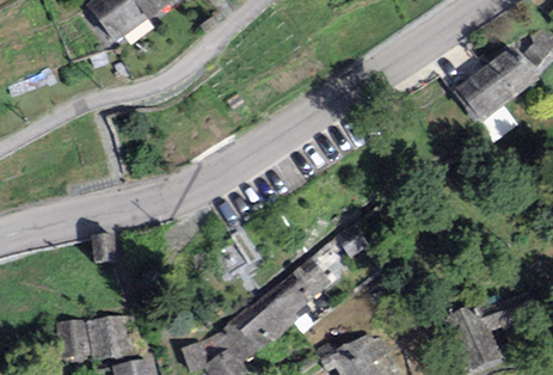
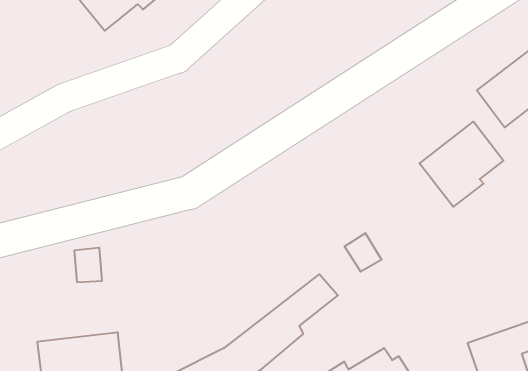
building: none -> [419,122,503,207]

